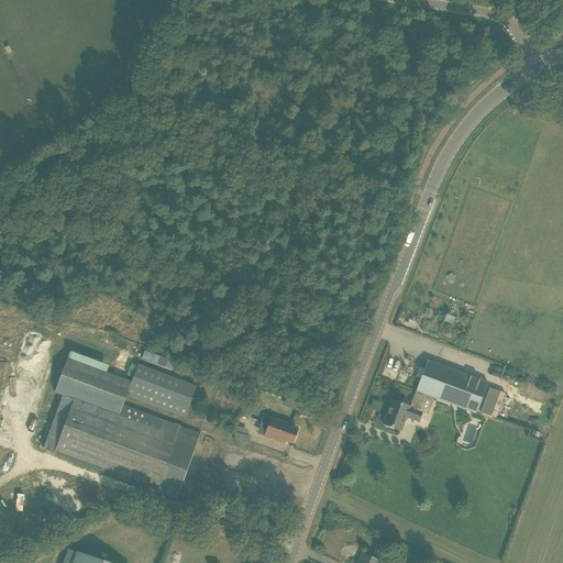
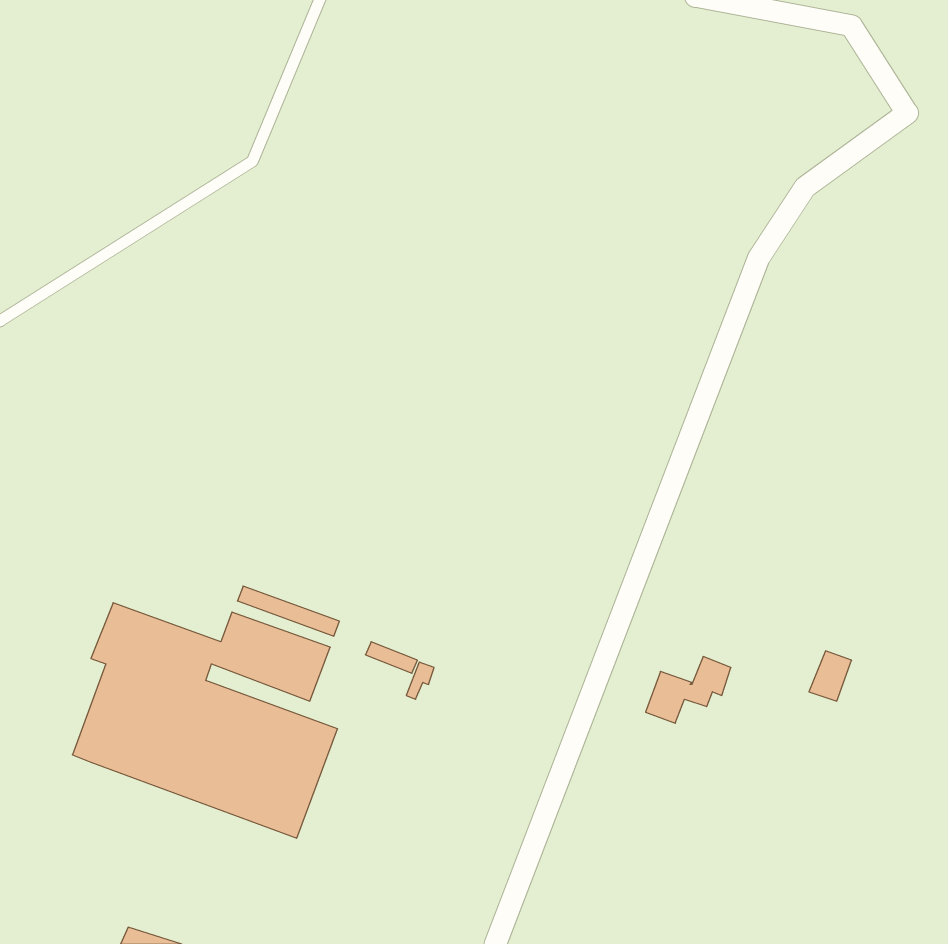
building: [416,358,488,412] -> none
building: [260,413,297,441] -> none

